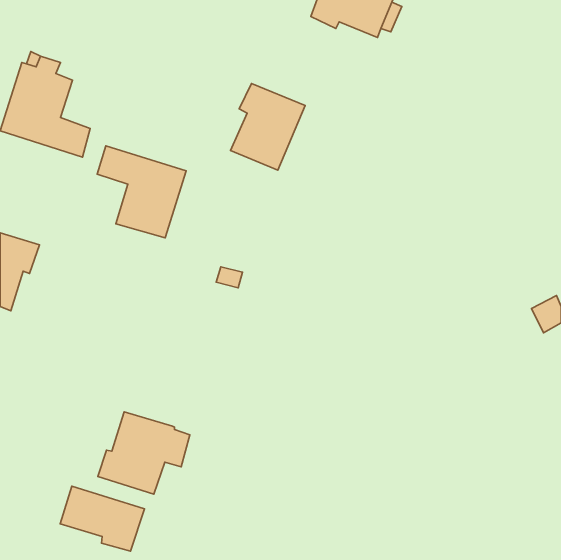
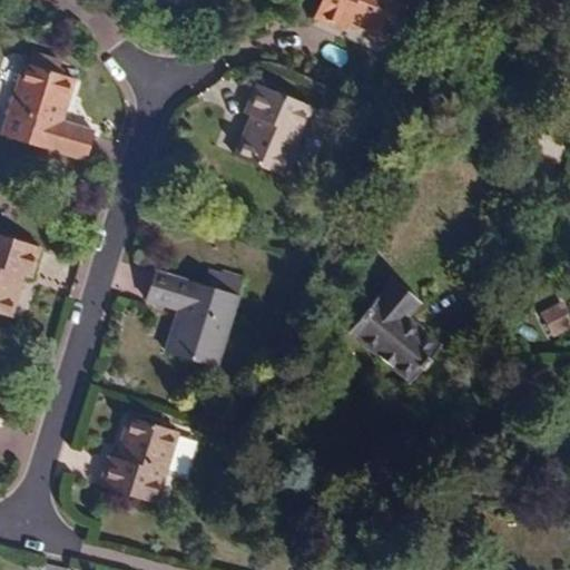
building: [97,146,186,238] -> [146,271,236,364]
building: none -> [350,281,440,380]
building: [60,486,144,551] -> none

